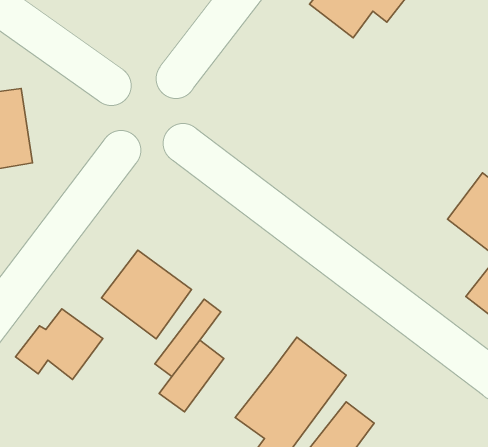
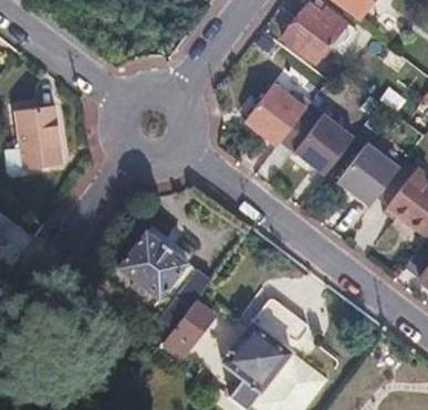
building: none -> [244,84,310,147]
building: none -> [293,115,353,177]
building: none -> [337,145,399,207]
building: [16,309,103,379] -> none

